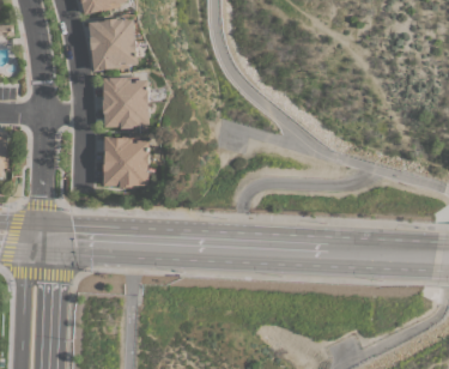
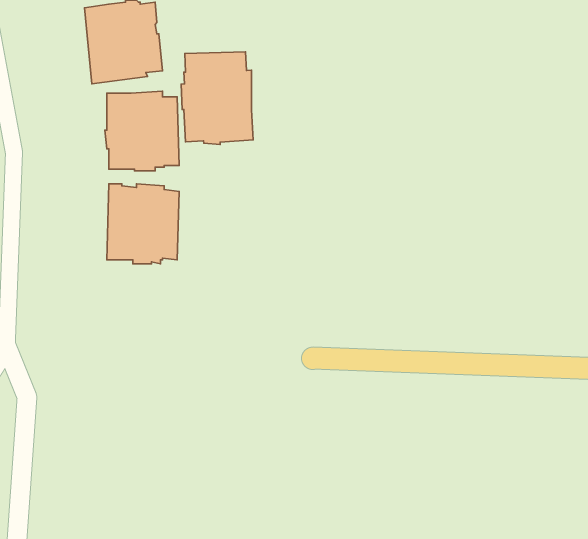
building: none -> [181,52,253,144]

